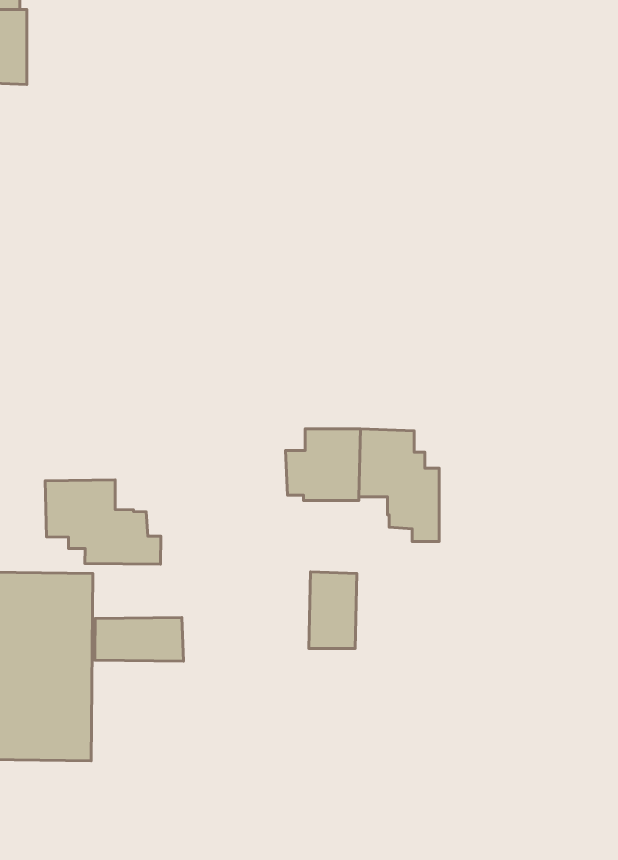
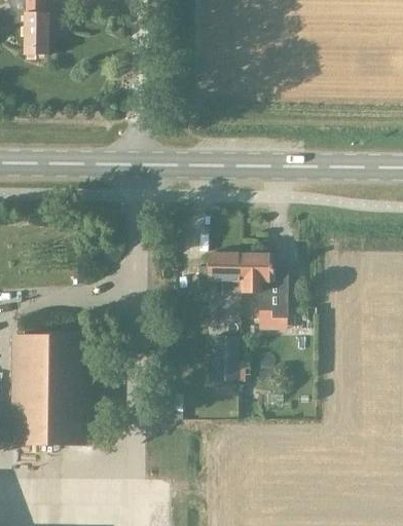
building: [45,480,161,564] -> none
building: [95,618,183,661] -> none

